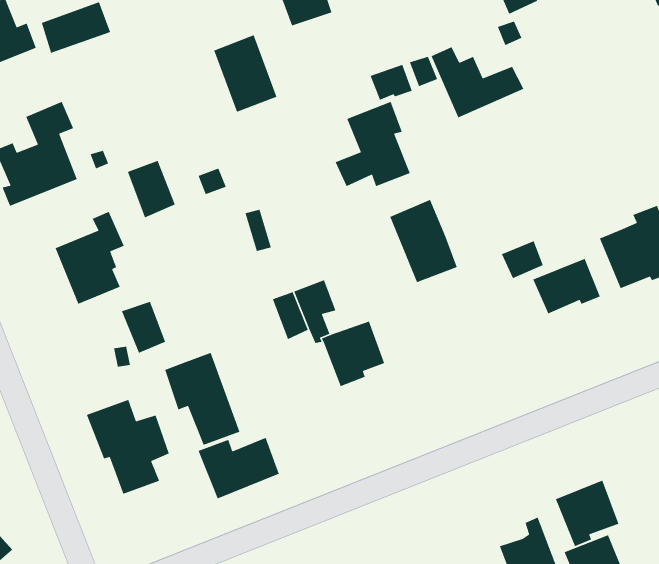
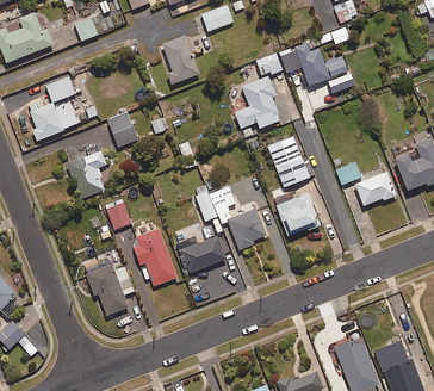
building: none -> [275,193,320,235]
building: [198,437,280,500] -> [175,236,225,274]
building: [555,480,619,547] -> none

